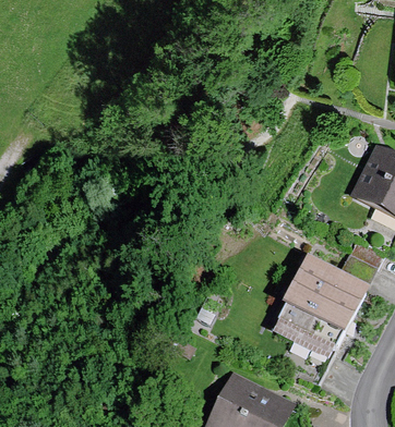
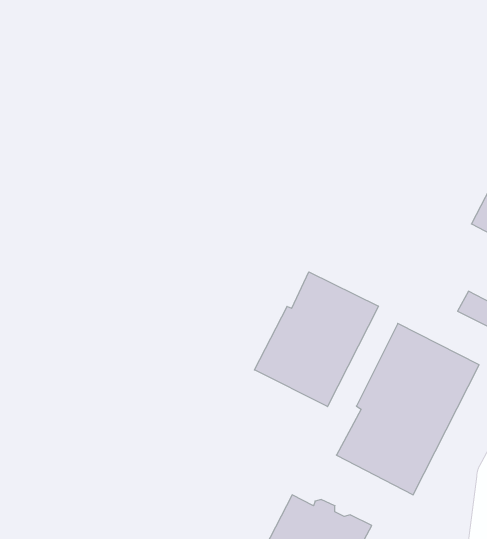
building: none -> [254,272,378,407]

